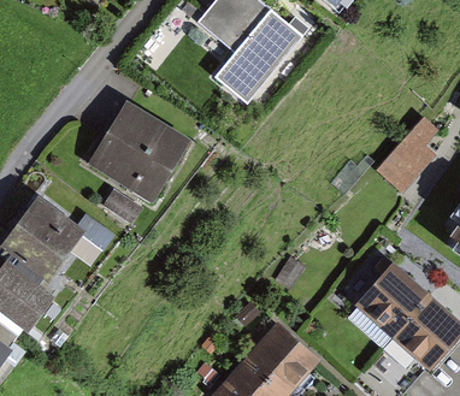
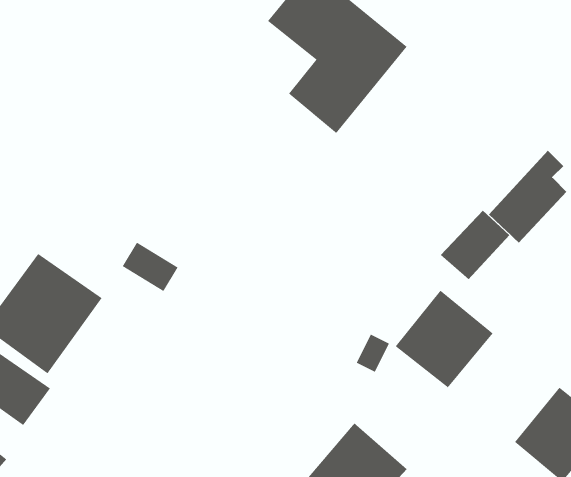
building: [87,97,194,199] -> none
building: none -> [440,210,510,280]
building: [355,262,429,336] -> [395,290,493,388]

